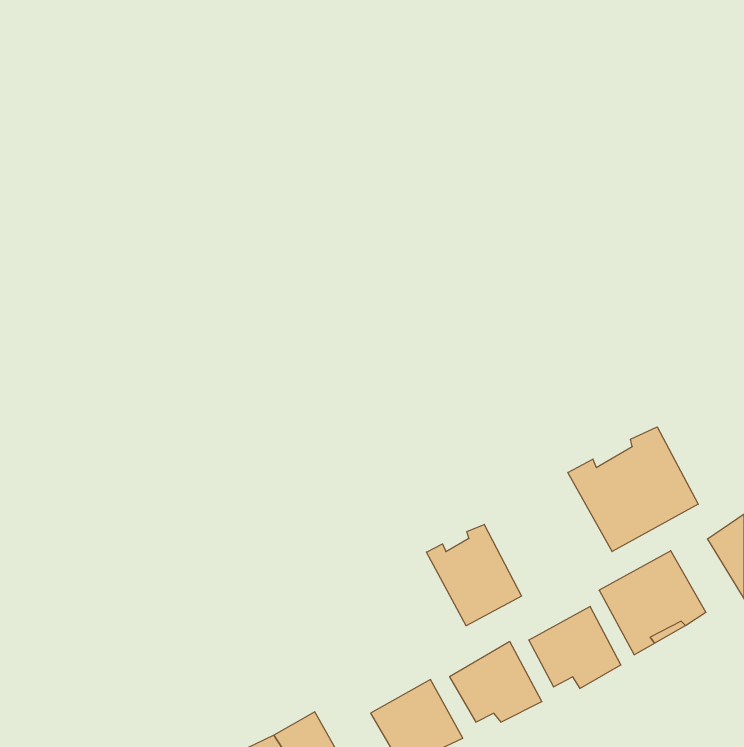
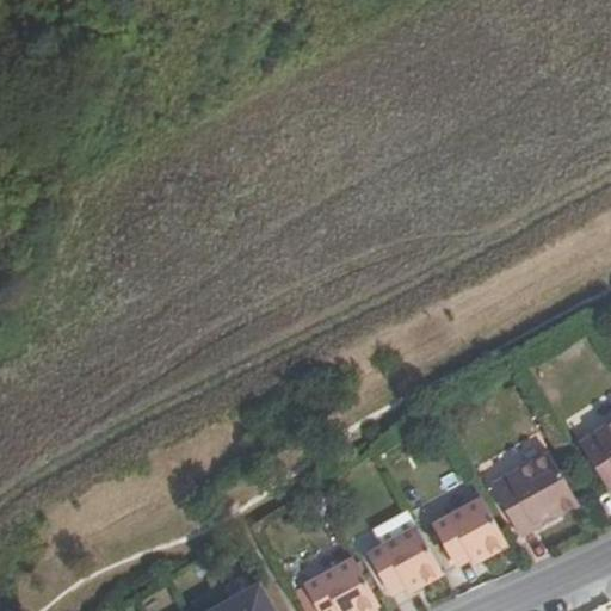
building: [568,427,698,552] -> none
building: [426,524,522,626] -> none

